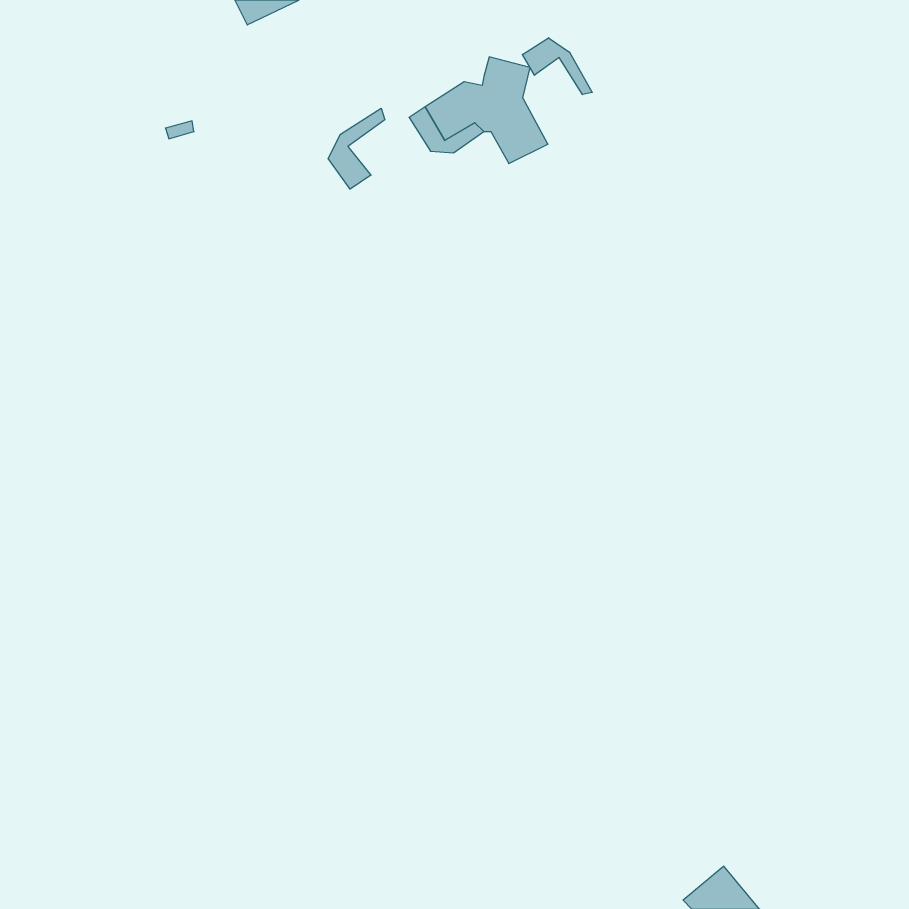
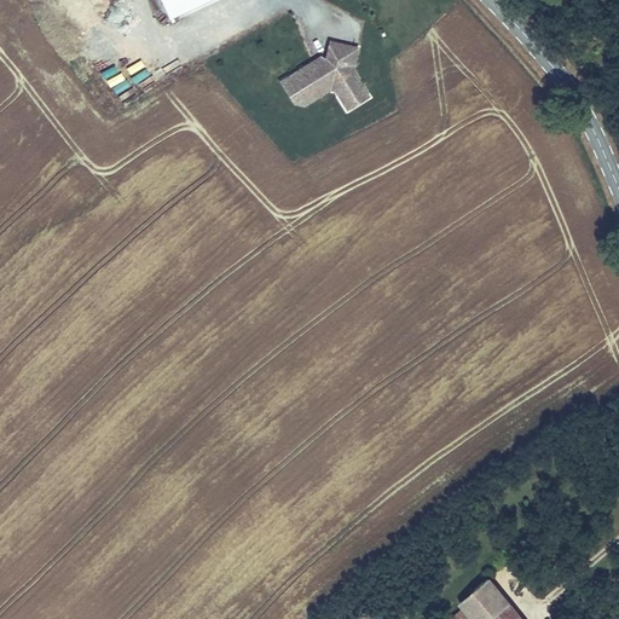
building: [522,38,592,95] -> none
building: [328,108,385,189] -> none

